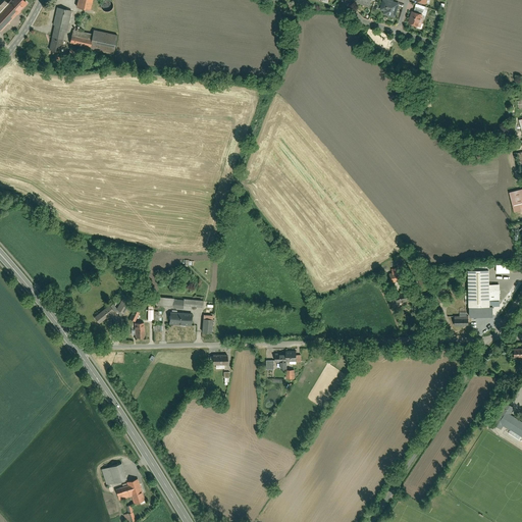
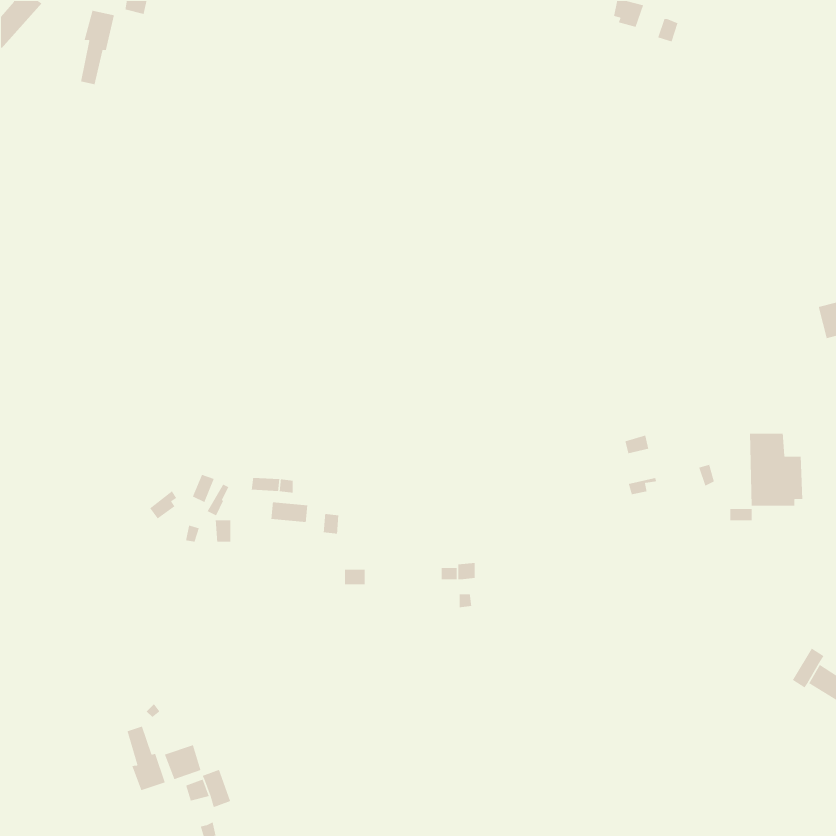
building: [70,31,119,56] -> none
building: none -> [126,726,166,791]

